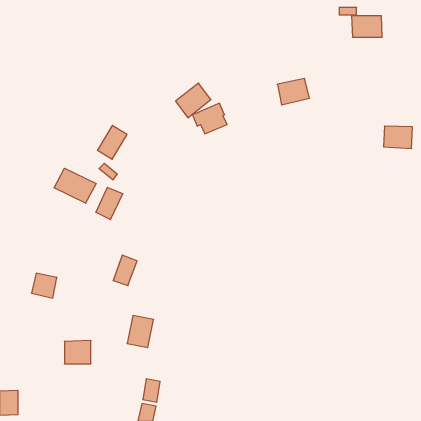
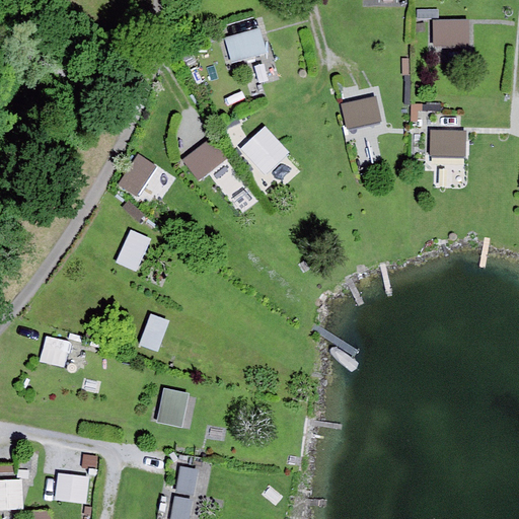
building: none -> [224,28,266,63]
building: [176,83,211,118] -> [182,137,226,179]
building: [384,126,412,148] -> [430,130,465,157]
building: [54,168,96,203] -> none
building: [64,341,91,364] -> [57,472,89,501]

